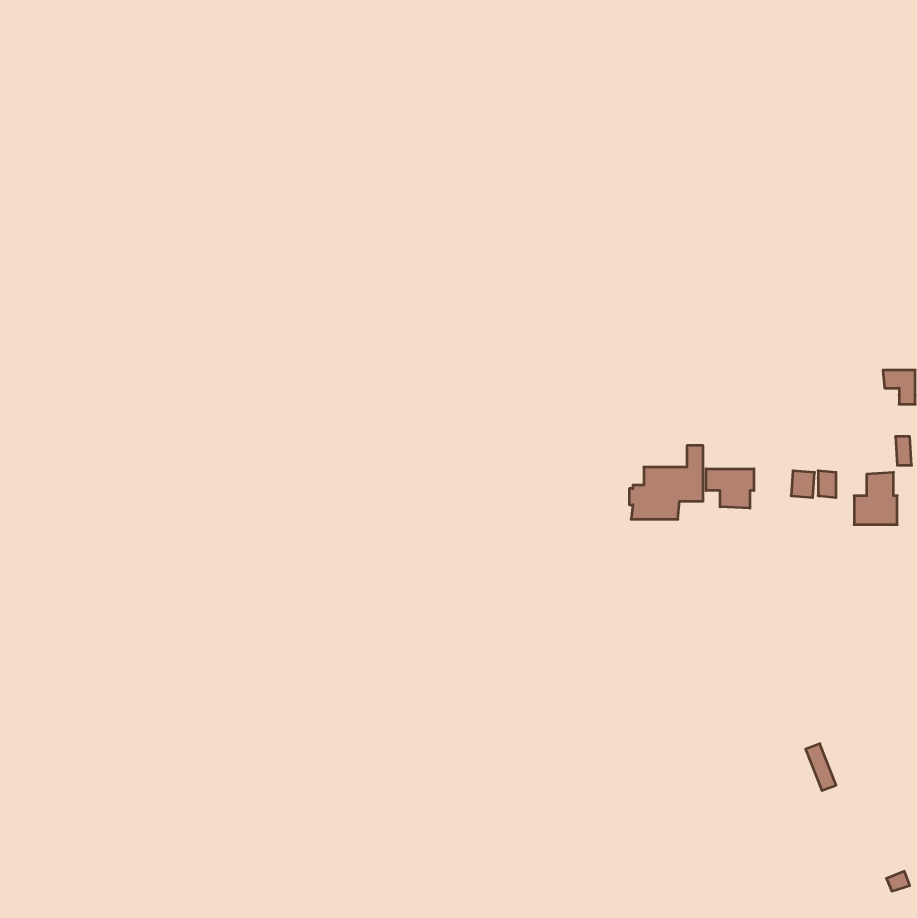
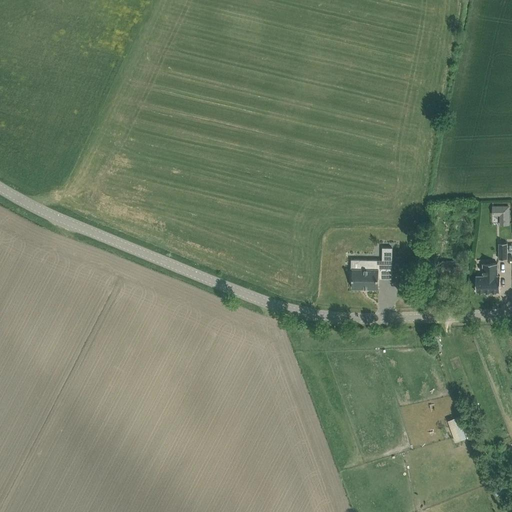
building: [706,469,754,508] -> none

